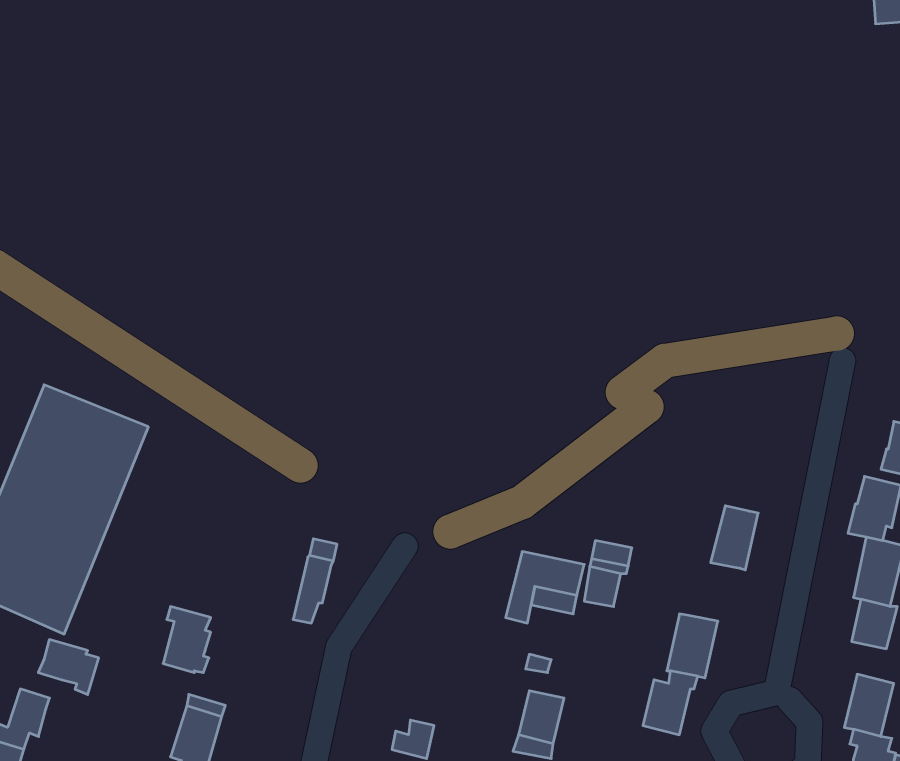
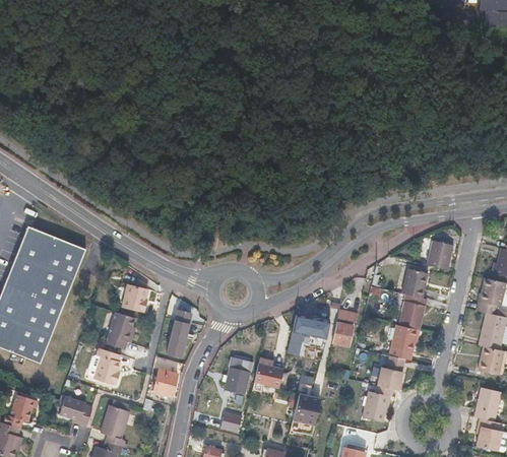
building: none -> [425,239,452,268]
building: none -> [400,266,424,296]
building: none -> [124,285,149,314]
building: none -> [108,313,137,350]
building: none -> [388,323,416,357]
building: none -> [252,363,279,386]
building: none -> [220,367,247,395]
building: [38,640,99,695] -> [59,396,92,427]
building: none -> [153,369,177,396]

